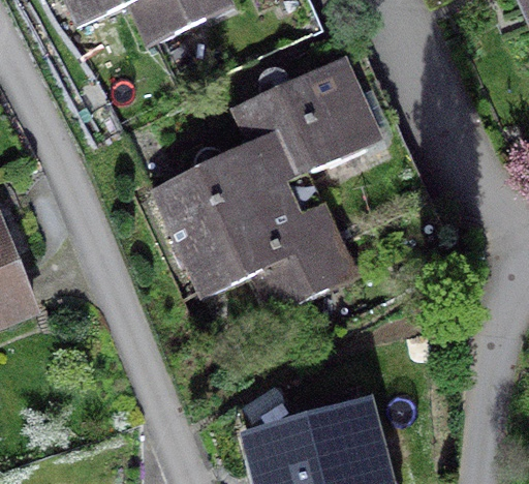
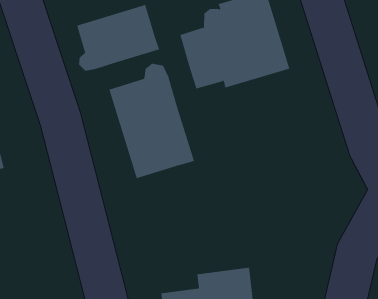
building: none -> [76,4,160,71]
building: [227,153,350,317] -> none

